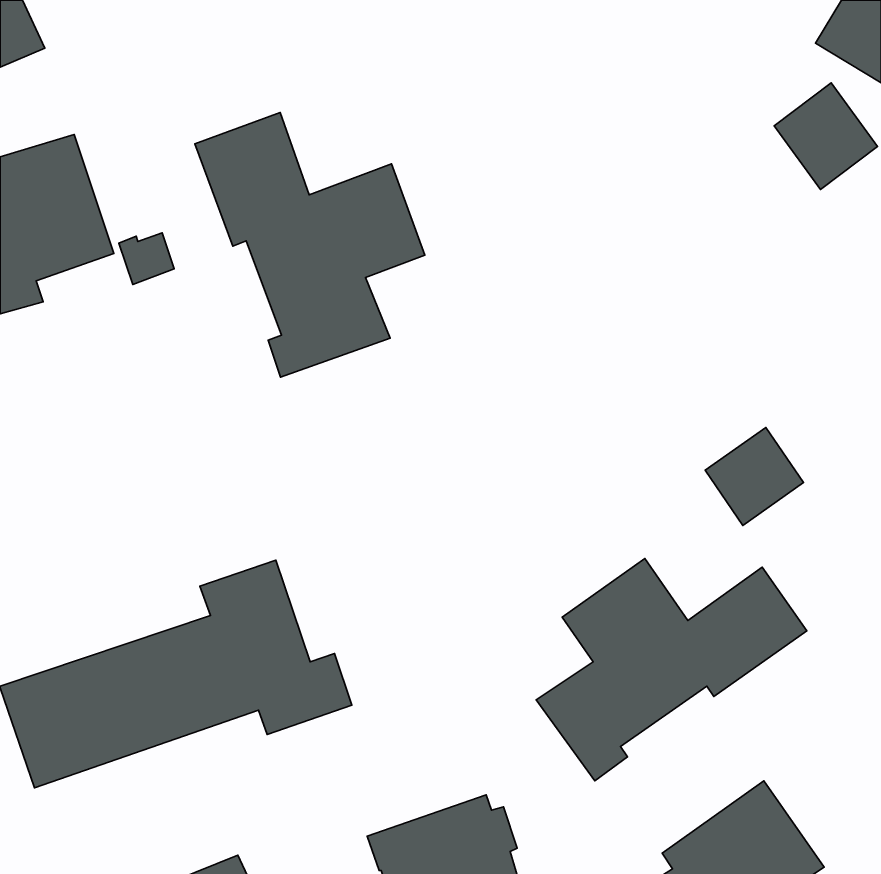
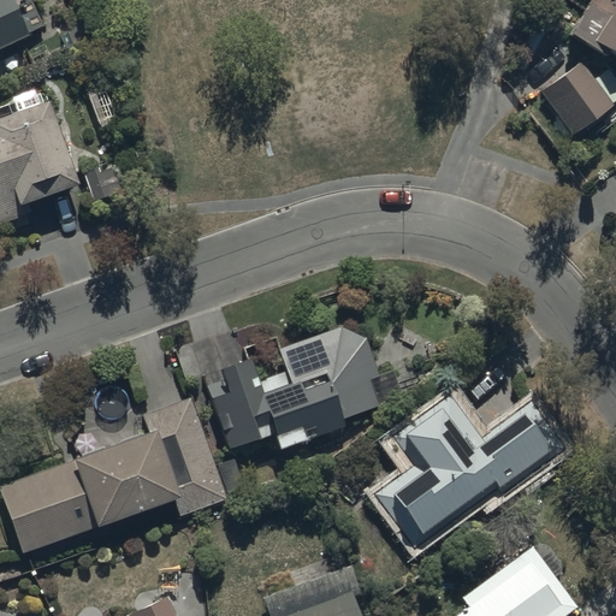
building: [195,112,425,377] -> none
building: [705,427,803,525] -> none
building: none -> [207,327,431,452]

